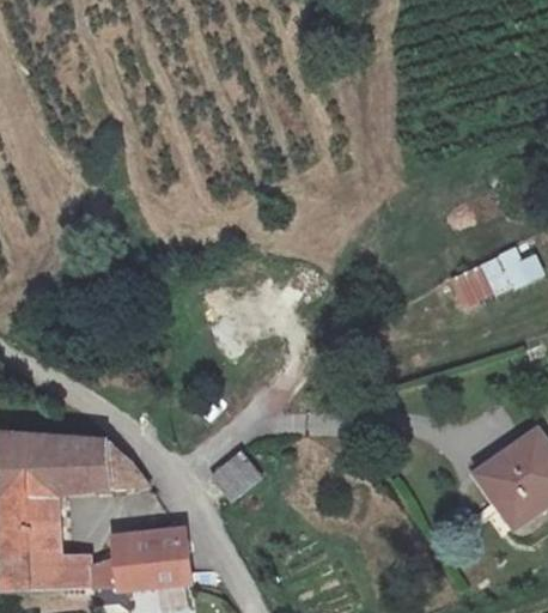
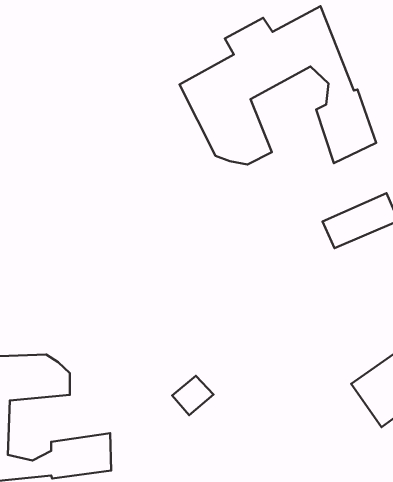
building: none -> [179,6,376,165]
building: [211,450,261,498] -> [172,376,214,415]

